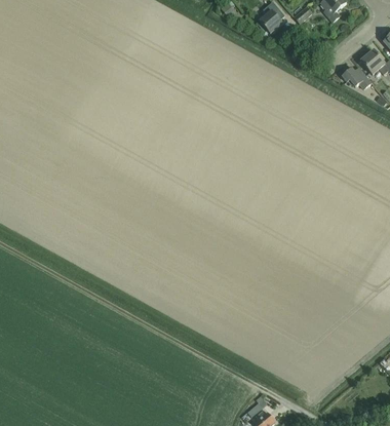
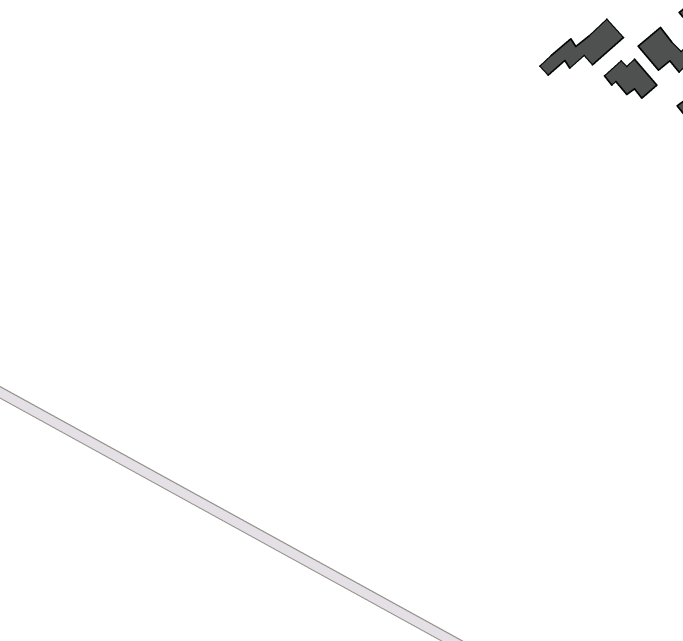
building: none -> [540,19,623,75]

